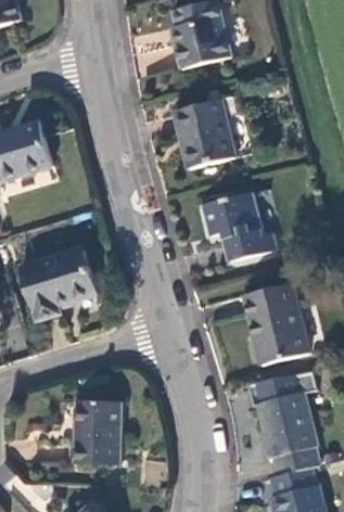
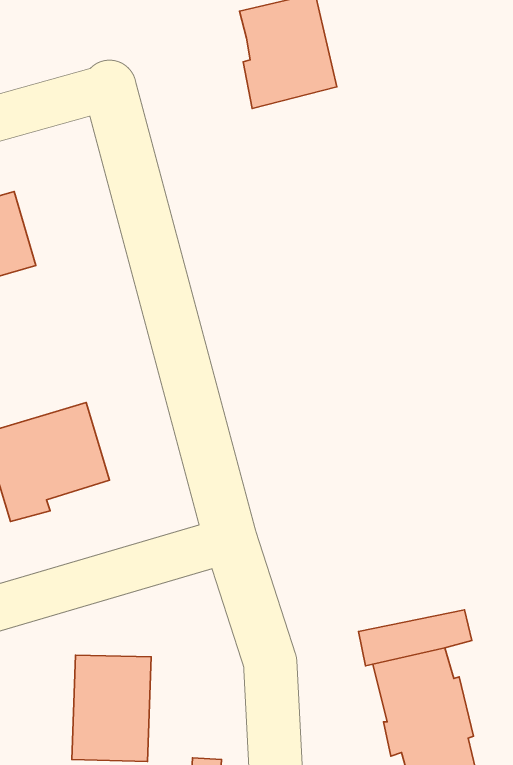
building: [176,101,235,169] -> none
building: [203,195,277,264] -> none
building: [244,284,308,366] -> none

